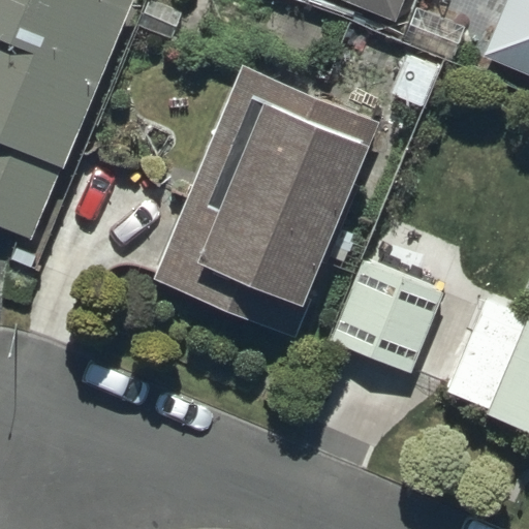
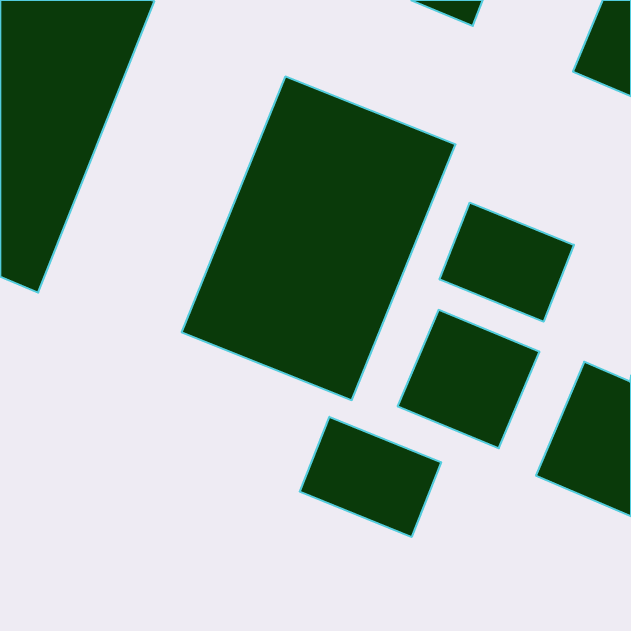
building: none -> [440,203,574,322]
building: none -> [300,417,441,537]

